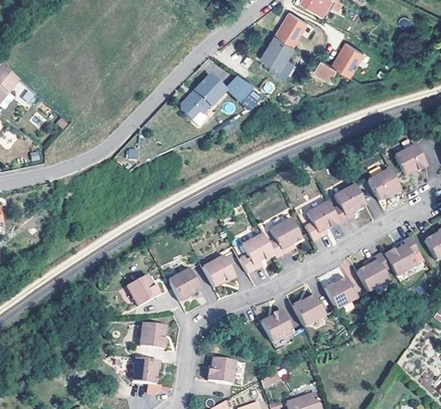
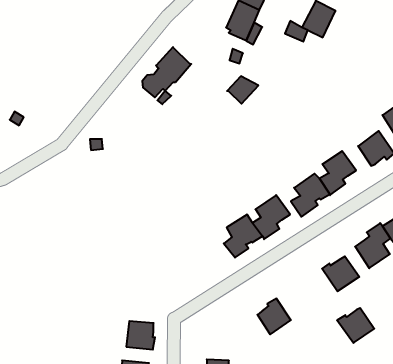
building: [226,76,255,101] -> [227,76,258,104]
building: [203,253,237,285] -> none
building: [168,266,199,299] -> none
building: [126,272,159,303] -> none
building: [294,295,327,327] -> [337,308,374,343]

